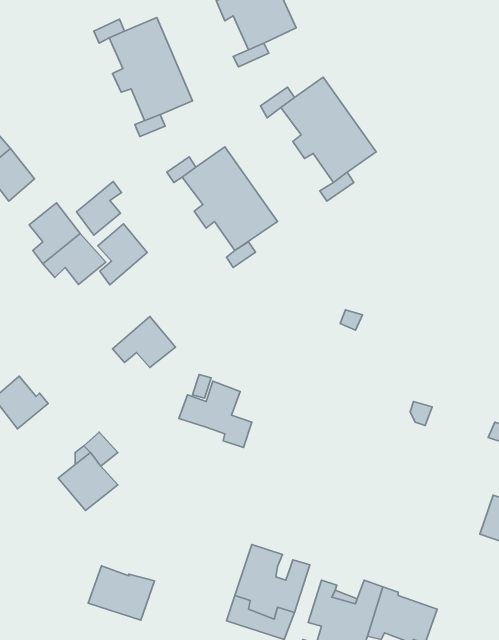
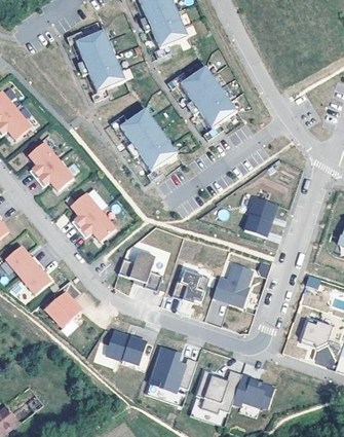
building: [76,182,121,235] -> none
building: [98,224,147,285] -> [71,192,101,229]
building: none -> [244,195,277,236]
building: none -> [213,261,253,305]
building: none -> [21,262,51,295]
building: none -> [173,268,212,301]
building: [88,566,154,620] -> [106,331,146,364]

